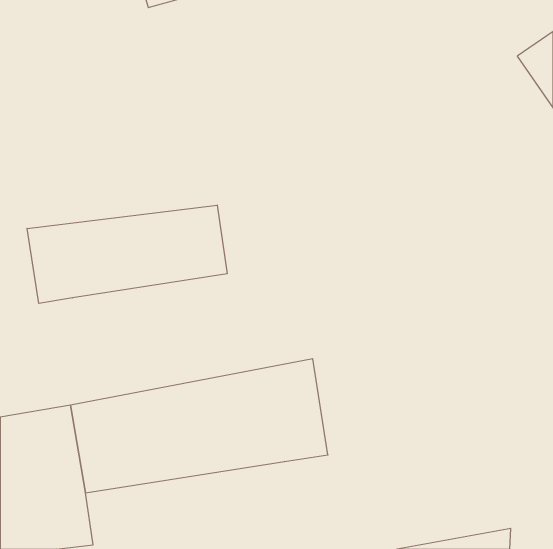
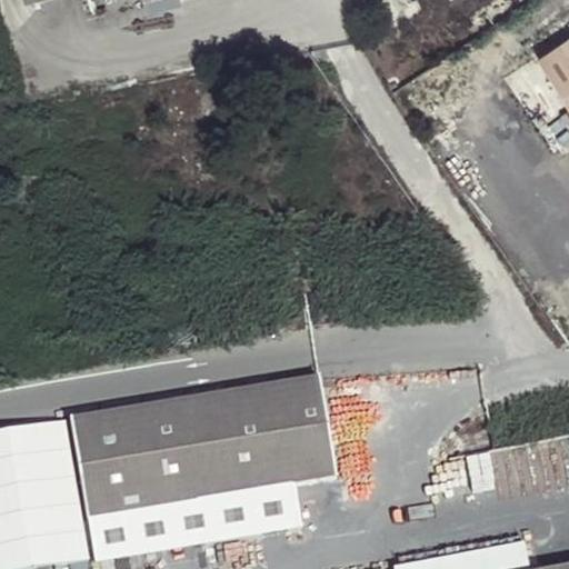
building: [27,205,227,303] -> none
building: none -> [88,475,300,560]

